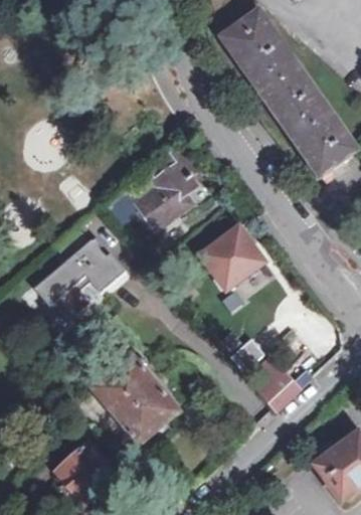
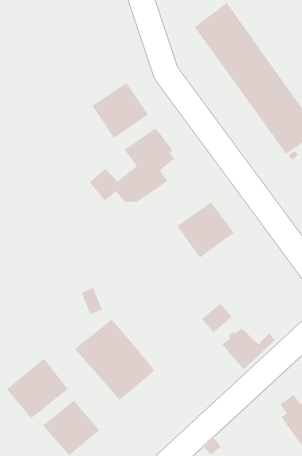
building: none -> [92,82,149,139]
building: [36,223,128,320] -> none
building: none -> [6,358,68,419]

